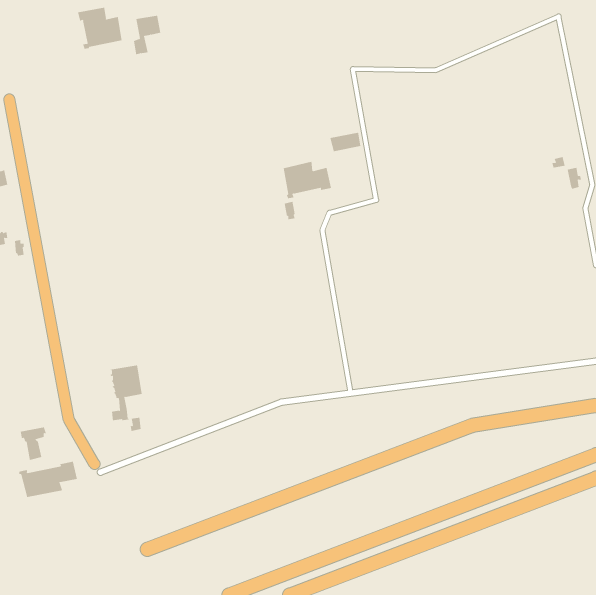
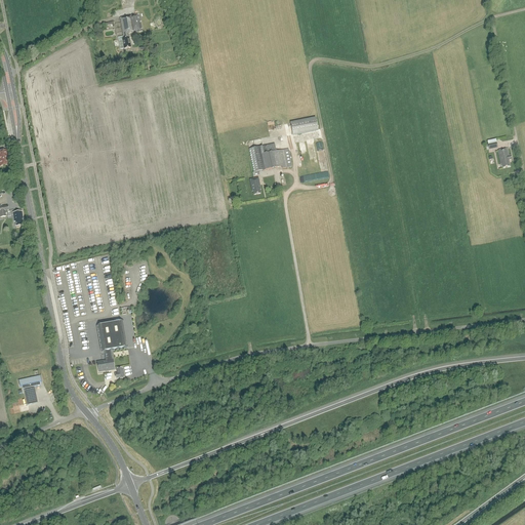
building: [78,7,122,49] -> none
building: [19,461,77,498] -> none

